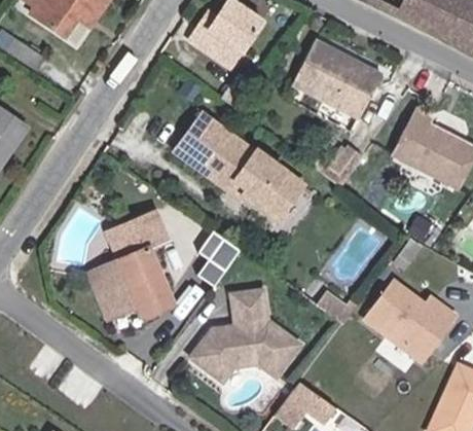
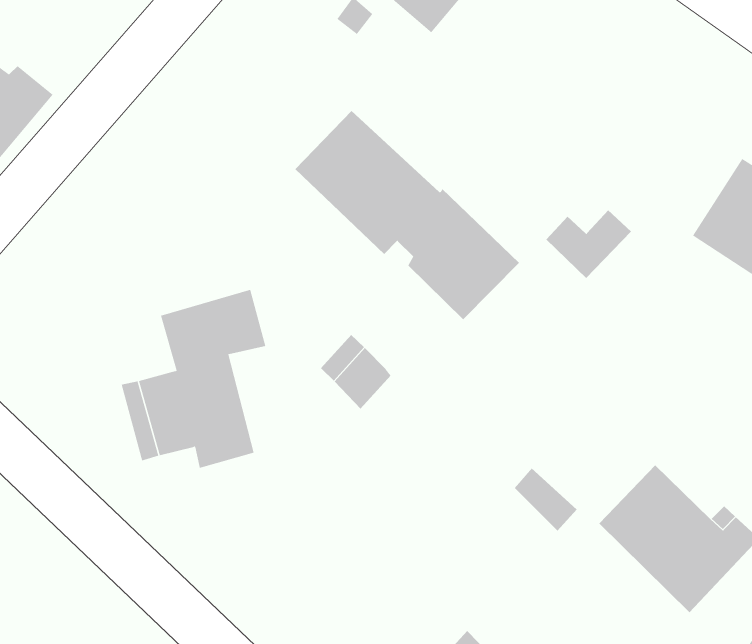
building: [299,44,389,122] -> none
building: [189,289,300,382] -> none

